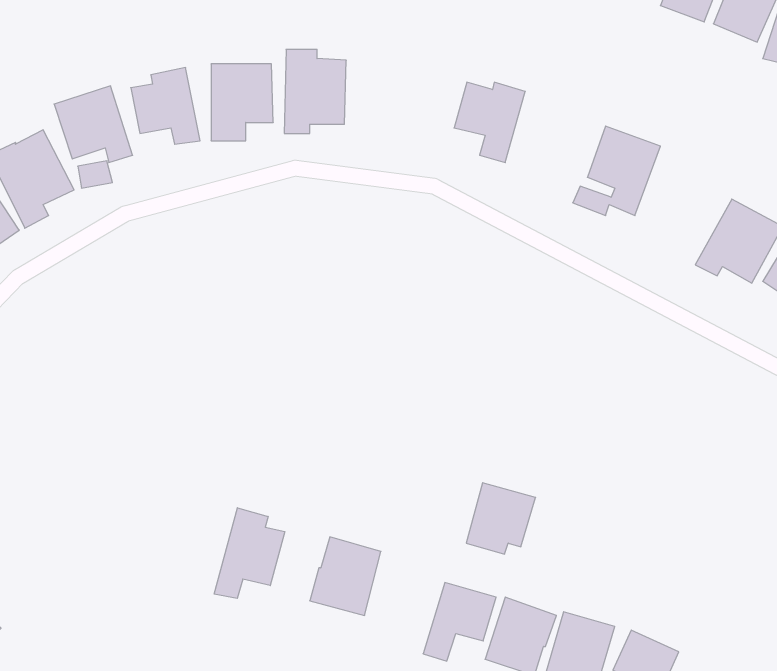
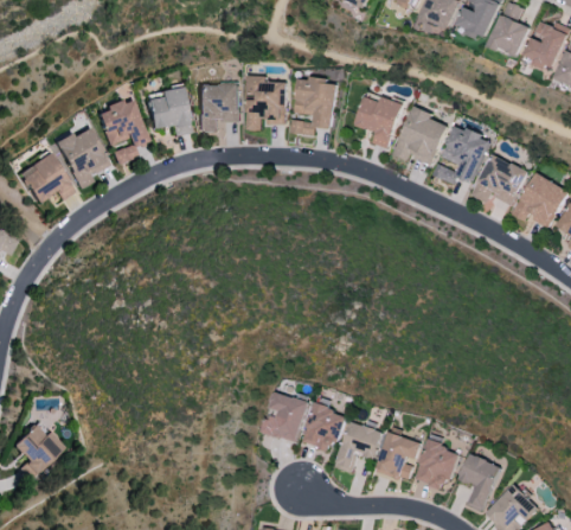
building: none -> [290,77,335,135]
building: none -> [392,104,448,165]
building: none -> [471,153,527,205]
building: [466,483,536,554] -> [302,403,347,449]
building: [214,508,285,598] -> none

